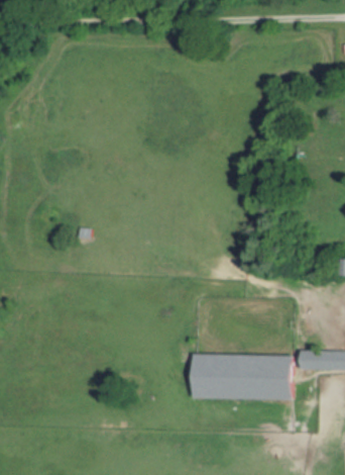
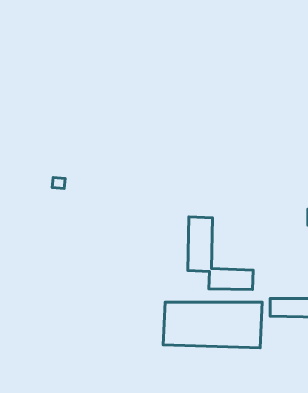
building: none -> [188,217,253,290]

